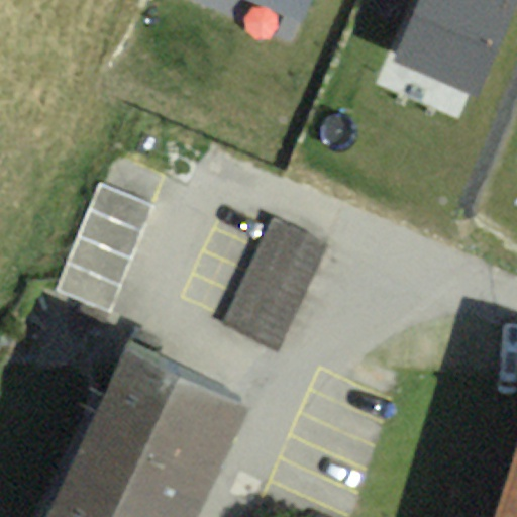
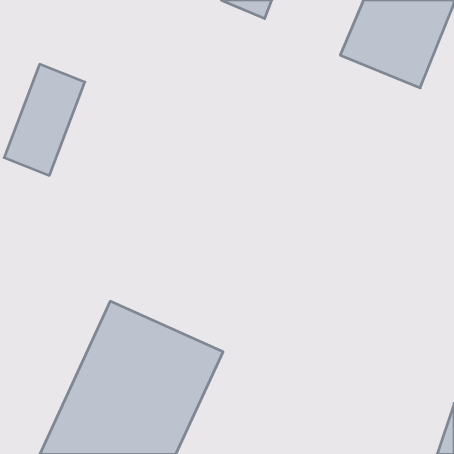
building: [58,176,149,302] -> [4,64,85,175]
building: [222,220,326,350] -> none

